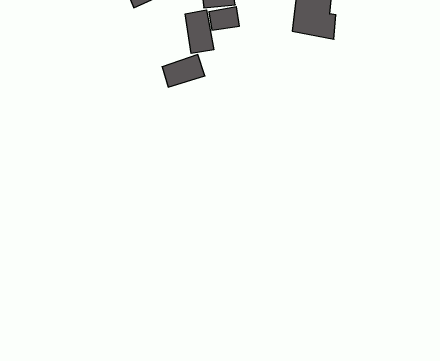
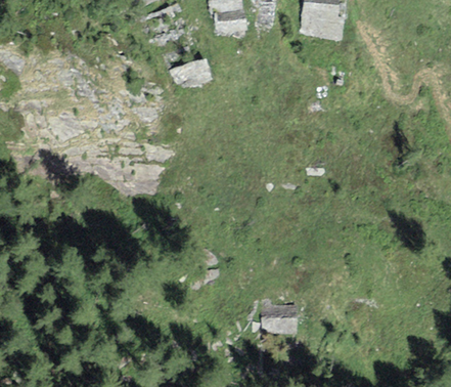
building: [185,10,214,53] -> none
building: none -> [261,303,298,333]

